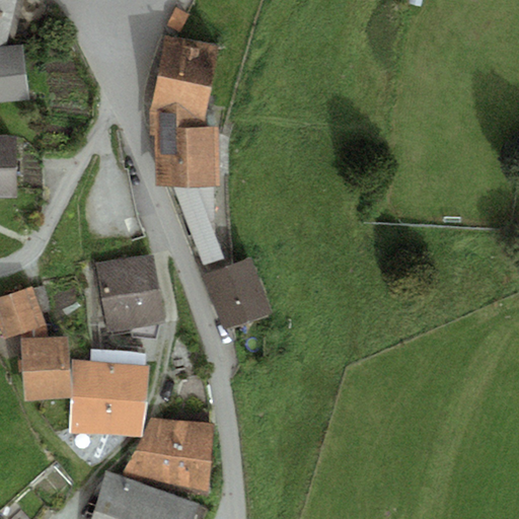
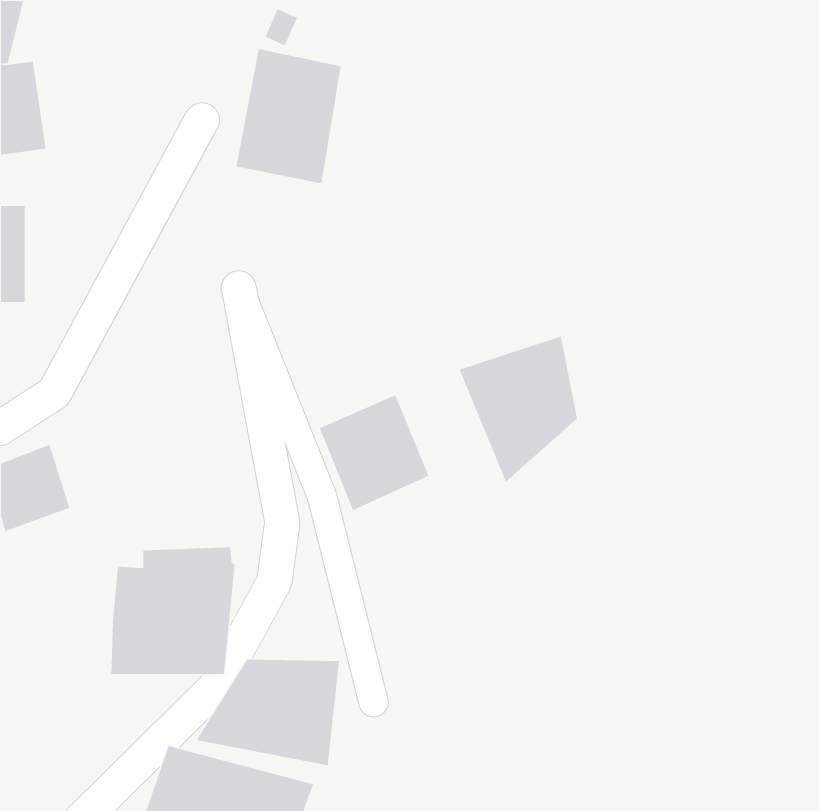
building: [149,110,225,268] -> none
building: none -> [459,336,578,483]
building: [95,257,166,335] -> none
building: [20,335,71,400] -> none

